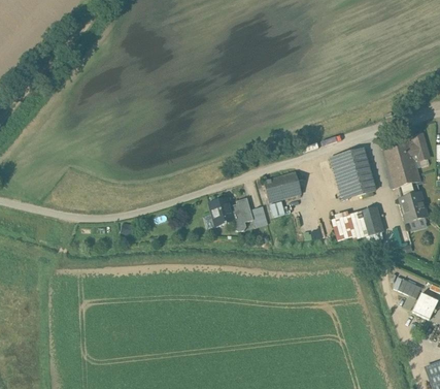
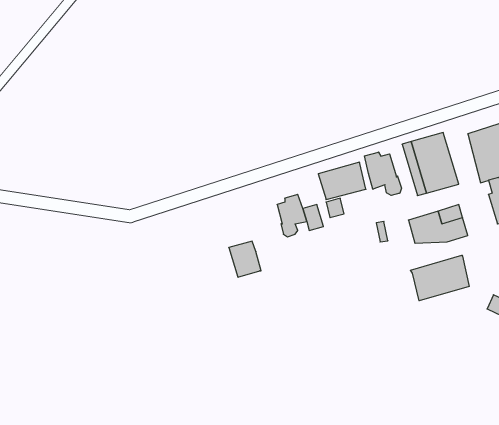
building: none -> [365,152,402,195]
building: [208,197,234,226] -> [229,241,261,277]
building: none -> [410,255,469,301]

